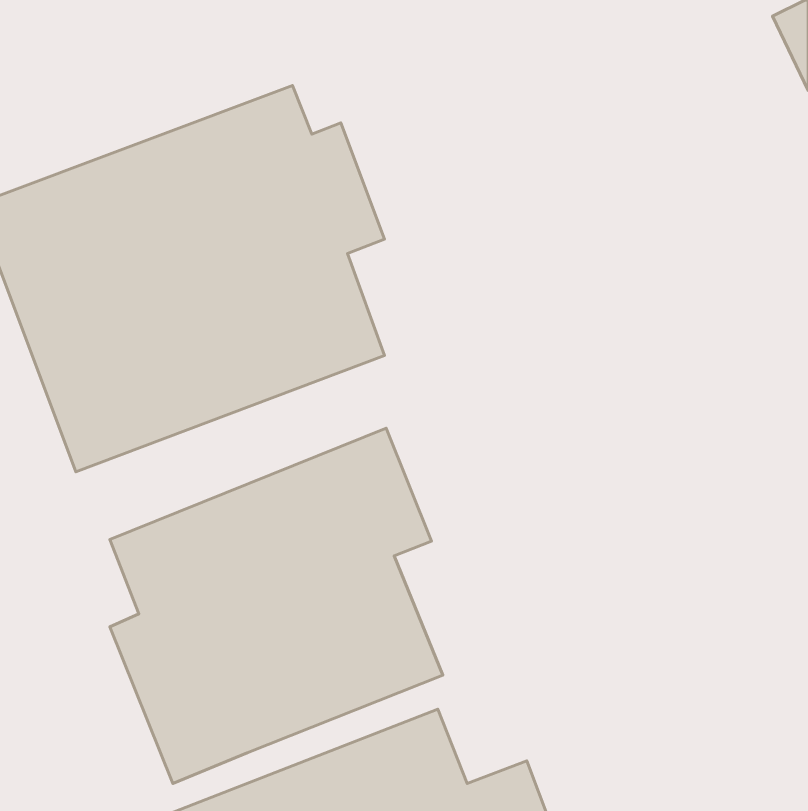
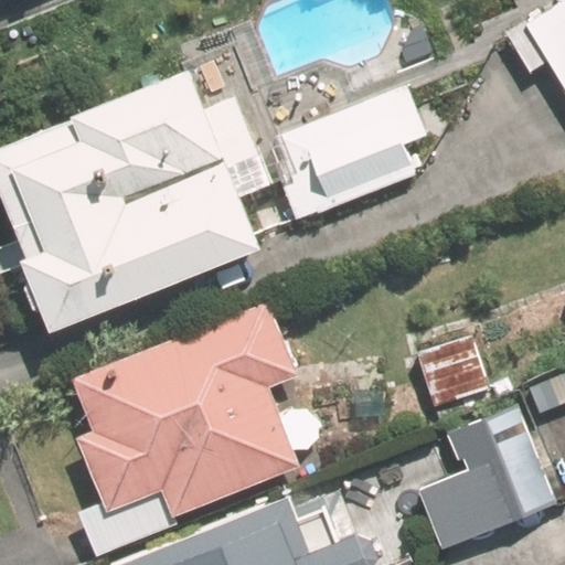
building: none -> [271,82,428,225]
building: none -> [412,405,532,553]

